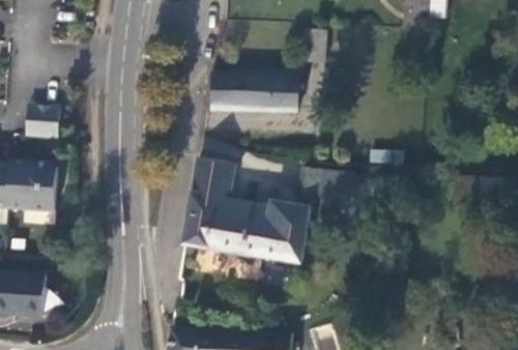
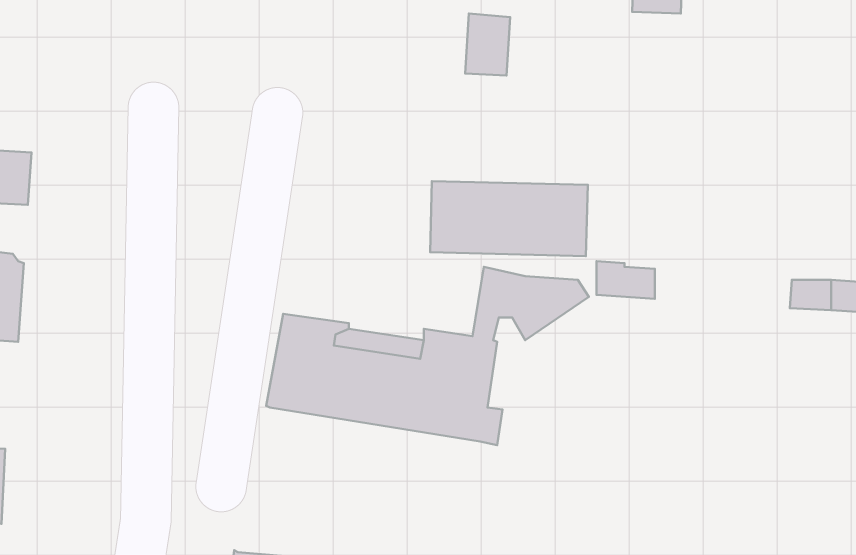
building: [209,71,296,113] -> [430,181,588,256]
building: [198,162,239,202] -> none

